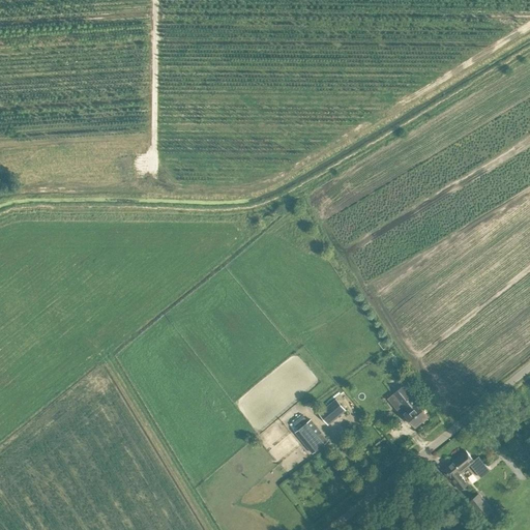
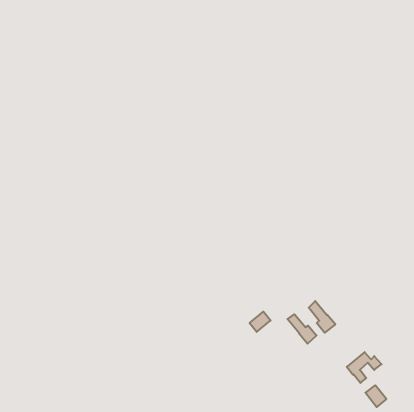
building: none -> [287,314,317,344]
building: [295,421,328,454] -> none

